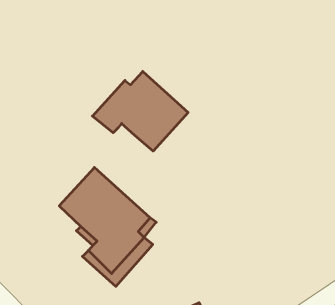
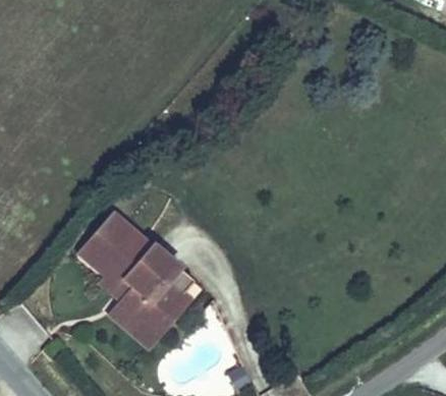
building: [92,71,188,151] -> none

